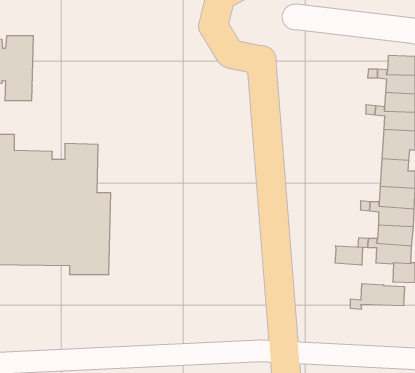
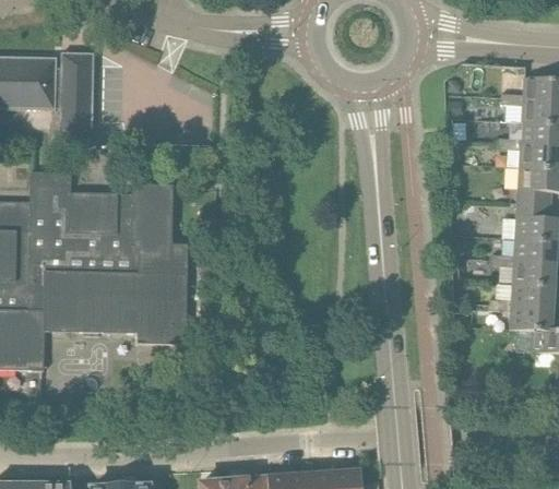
building: [335,246,362,265] -> none
building: [350,284,404,309] -> none

